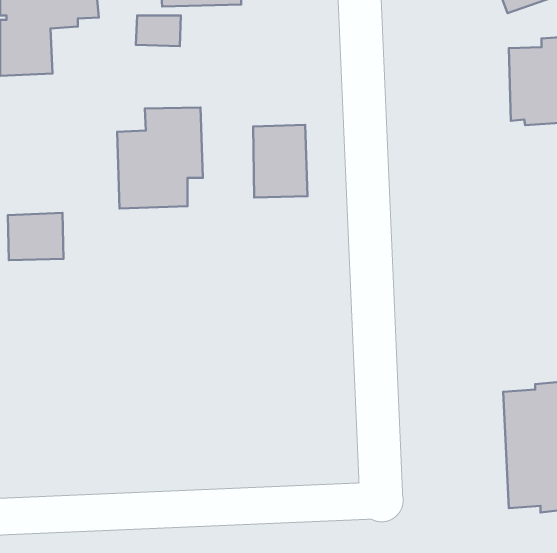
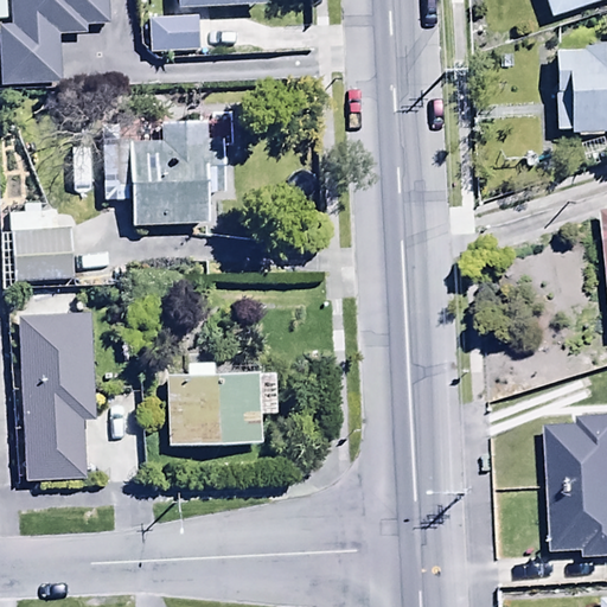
building: [253,125,308,198] -> none
building: none -> [19,312,96,479]
building: none -> [167,363,275,446]

